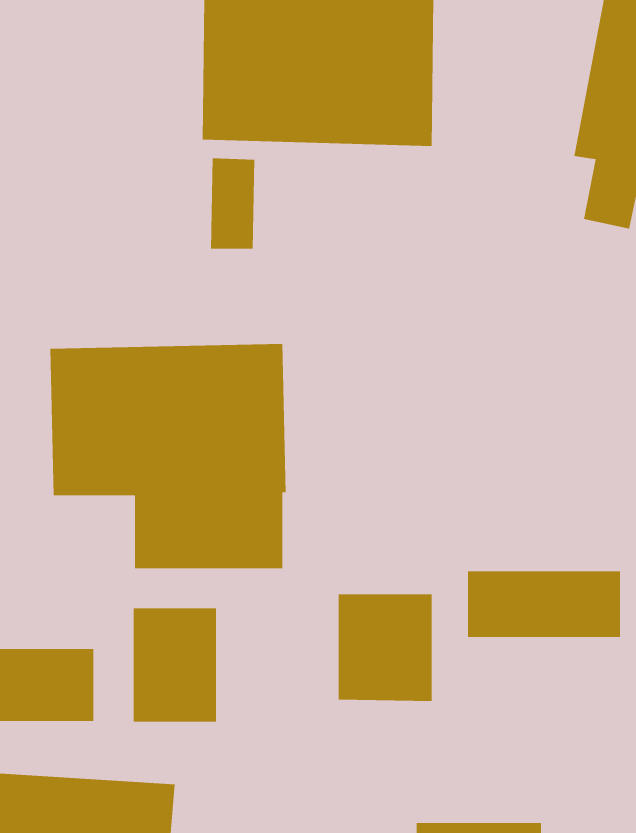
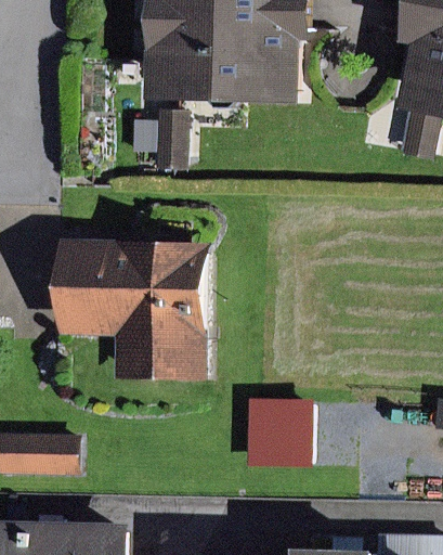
building: [467,570,621,638] -> none
building: [133,607,216,723] -> none

